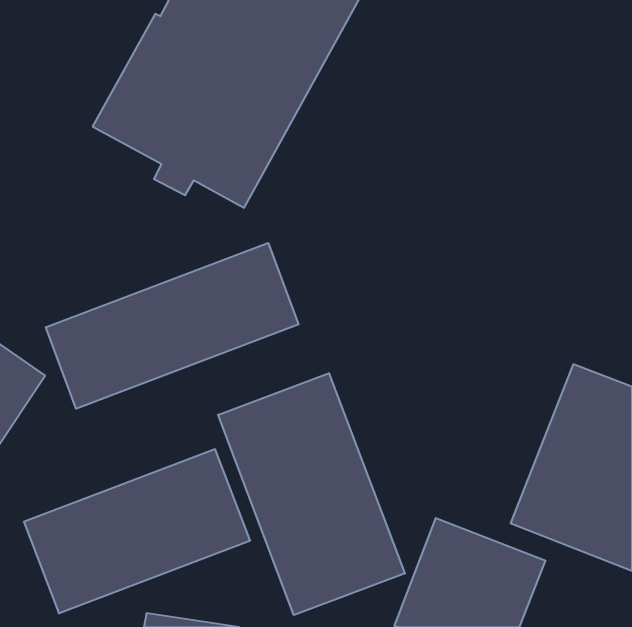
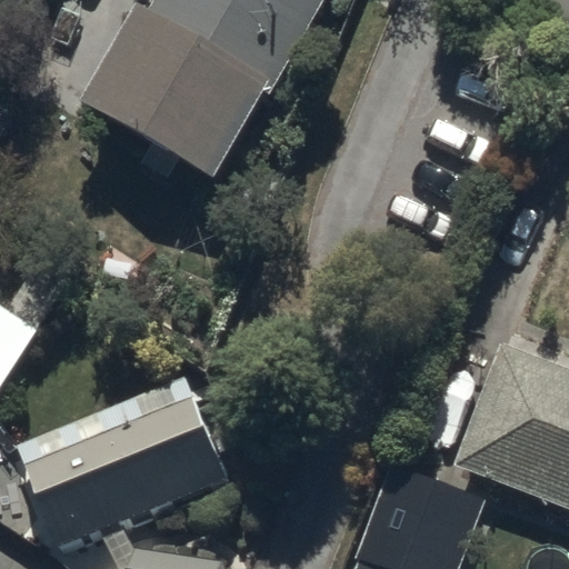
building: [46,243,299,409] -> none
building: [218,373,405,615] -> none

